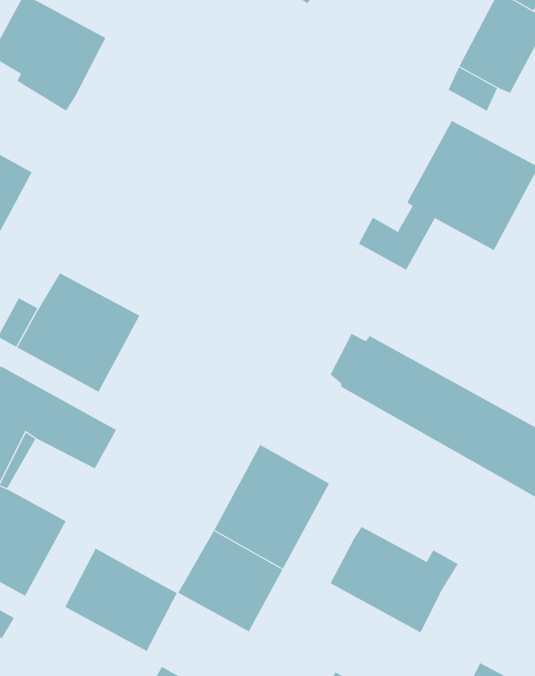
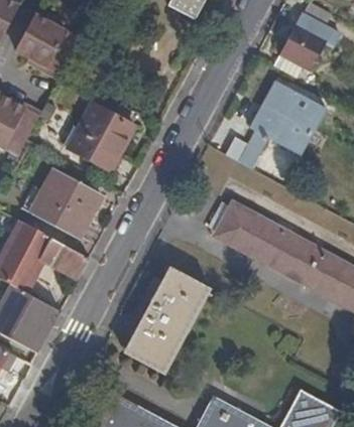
building: none -> [71,104,136,170]
building: [330,526,459,633] -> none
building: [65,548,178,652] -> none

